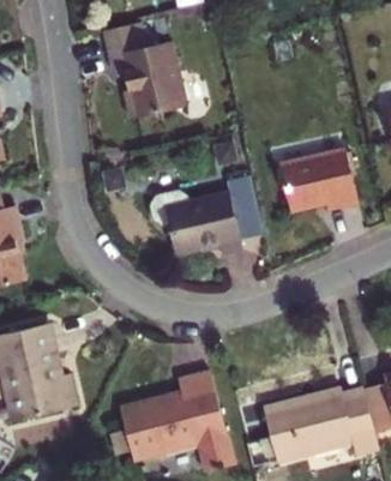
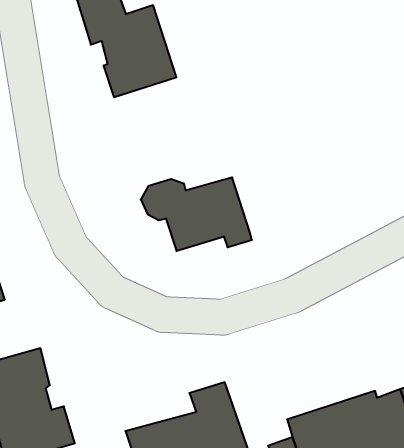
building: [283,149,361,210] -> none
building: [225,176,267,242] -> none

